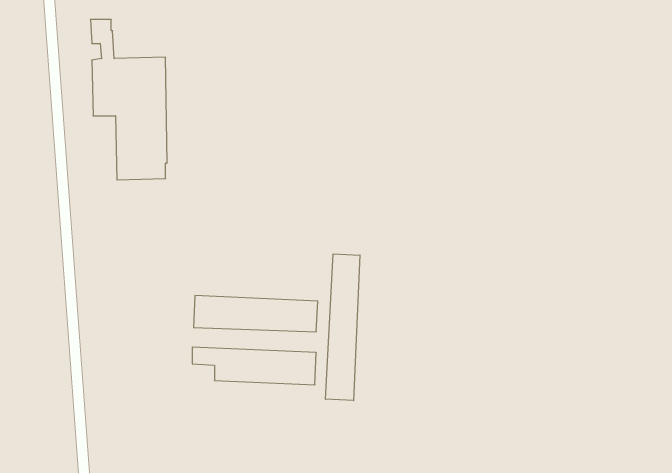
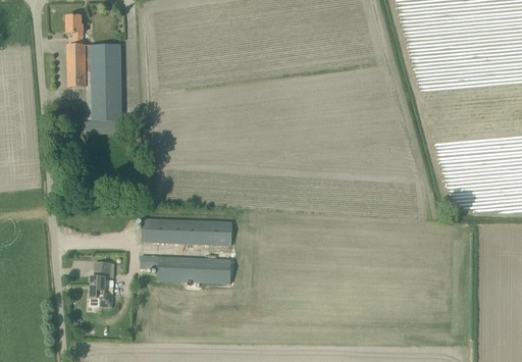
building: [326,254,360,401] -> none
building: none -> [90,261,112,306]

